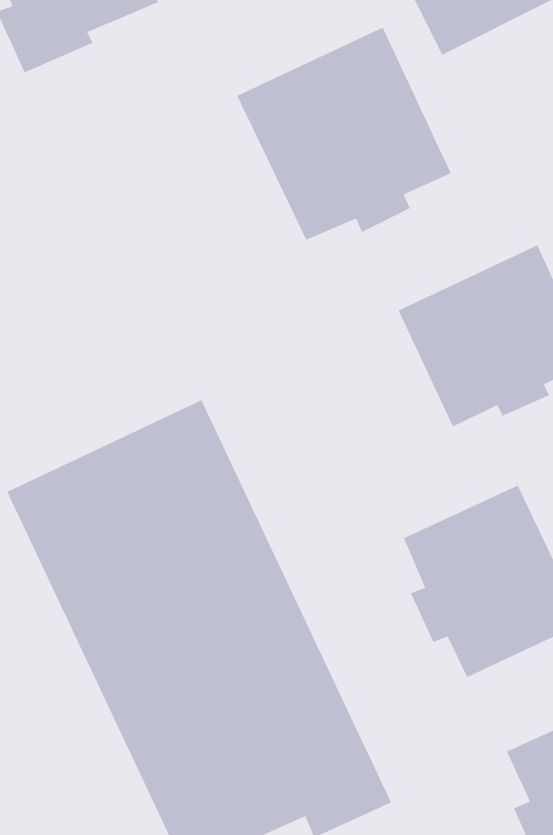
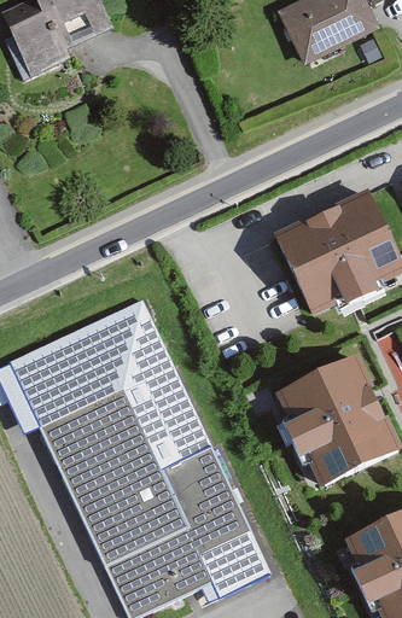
building: [236,27,452,241] -> none

